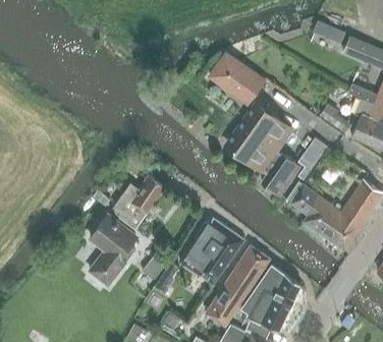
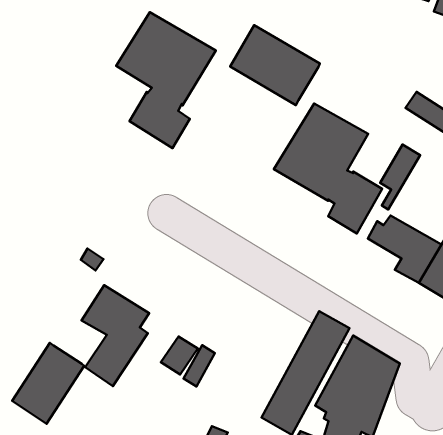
building: none -> [116,12,216,148]
building: [114,175,164,229] -> none
building: [179,219,243,284] -> none
building: none -> [12,343,84,424]

